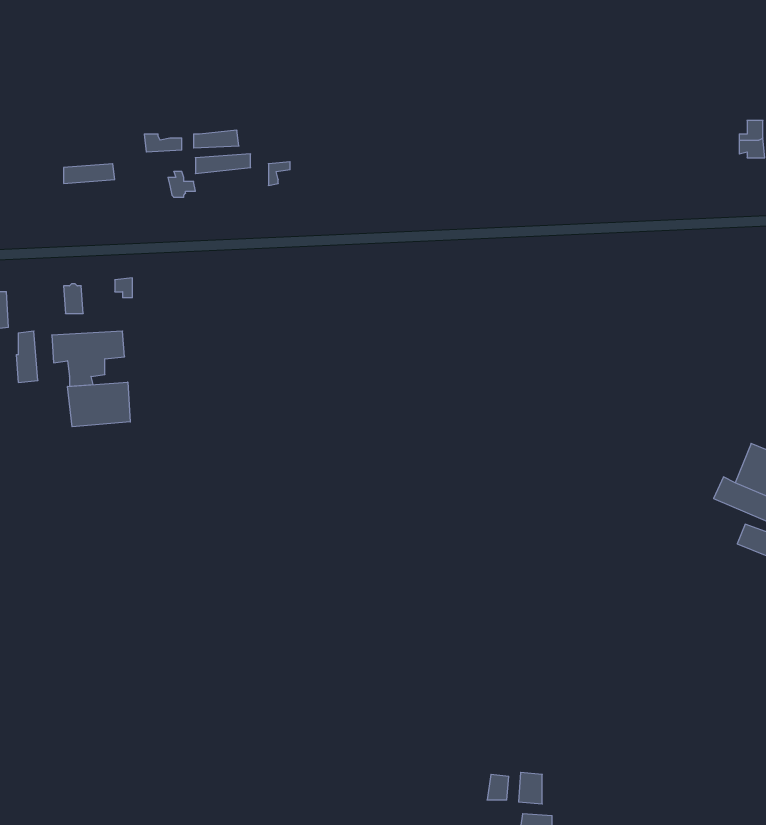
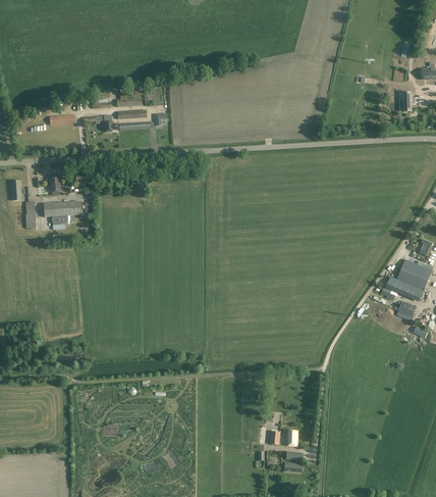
building: [68,382,130,427] -> none

